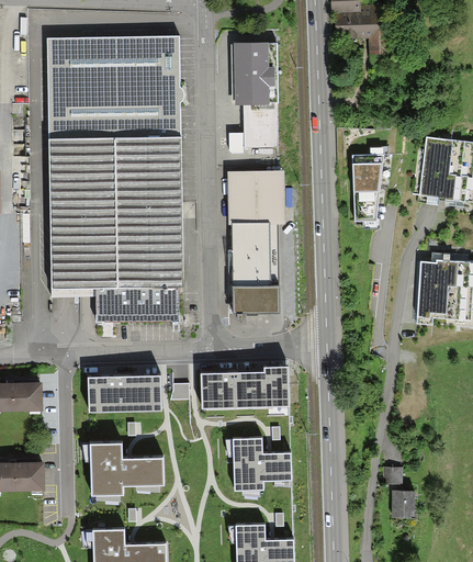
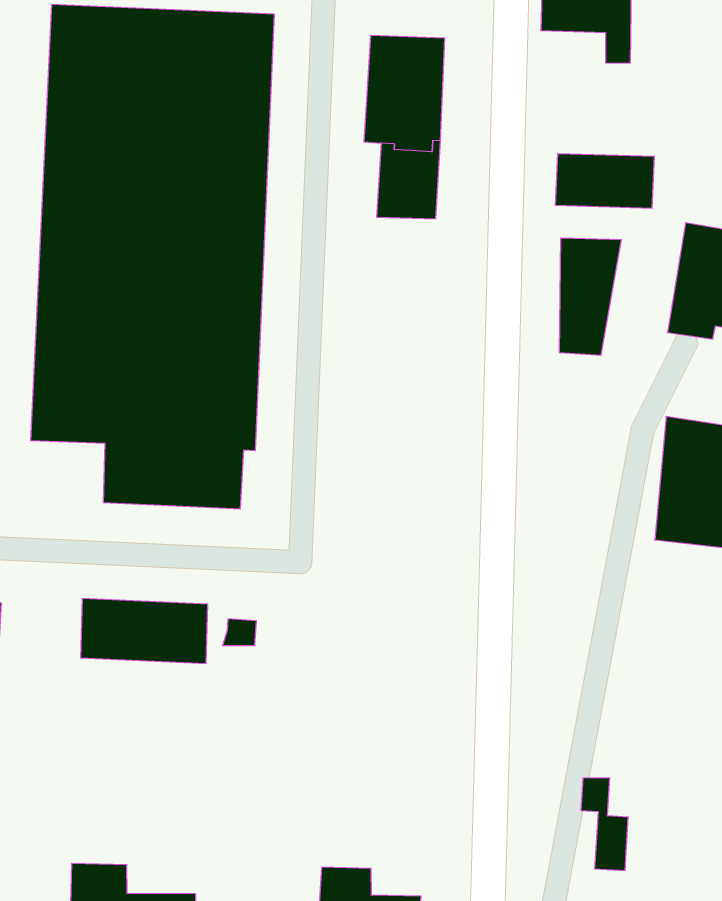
building: none -> [555,153,654,208]
building: [227,169,283,313] -> none
building: [199,366,288,408] -> none
building: [230,436,289,488] -> none
building: [89,442,161,495] -> none

